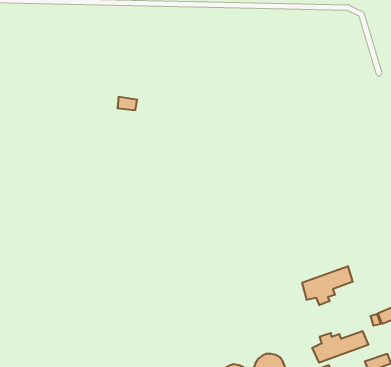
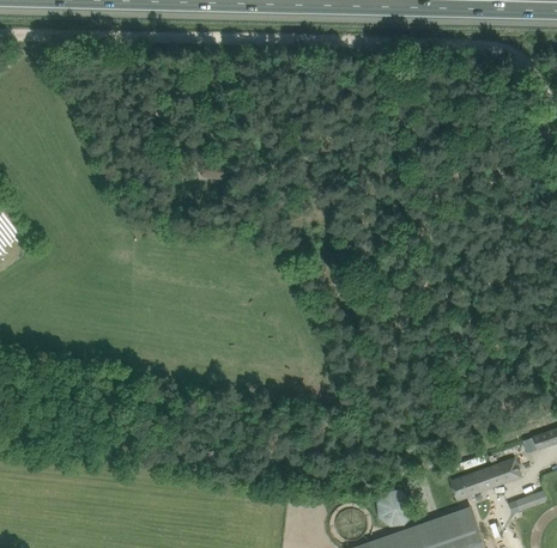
building: [302,266,353,305] -> none

